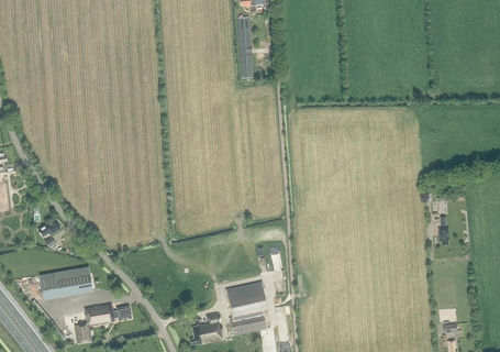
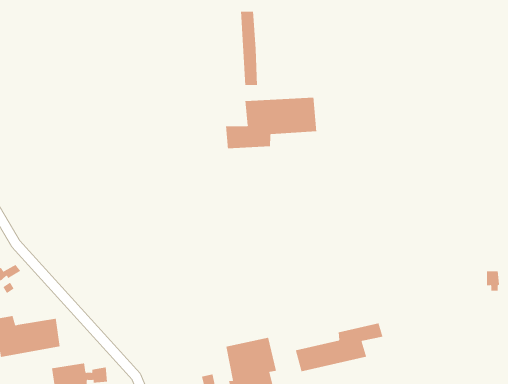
building: none -> [226,97,317,149]
building: none -> [295,323,383,372]

